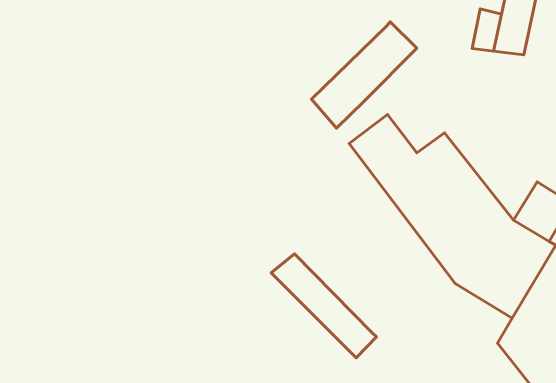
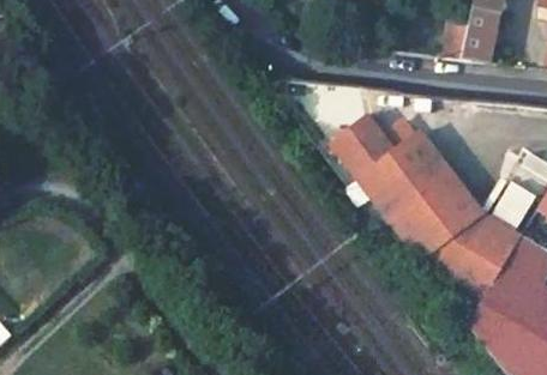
building: [311,22,417,128] -> none
building: [271,254,377,358] -> none

